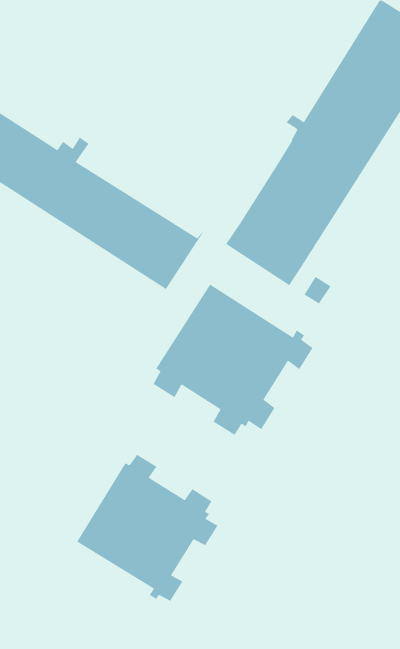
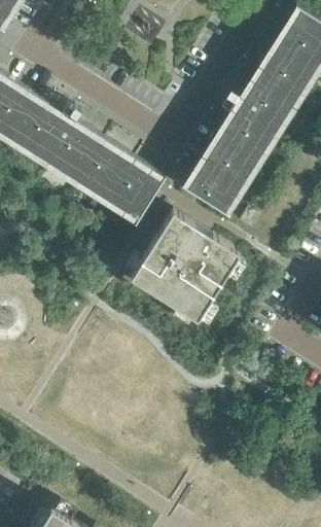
building: [76,454,218,602] -> none

